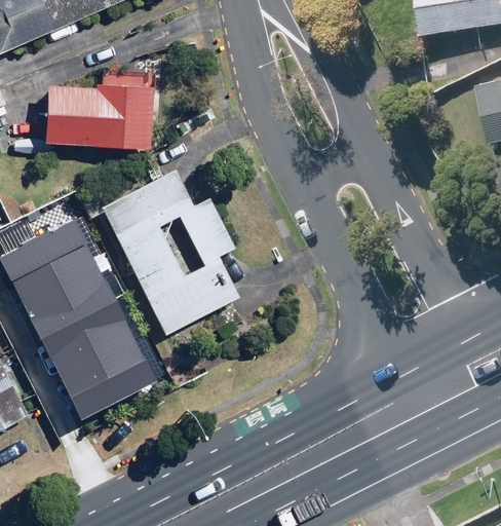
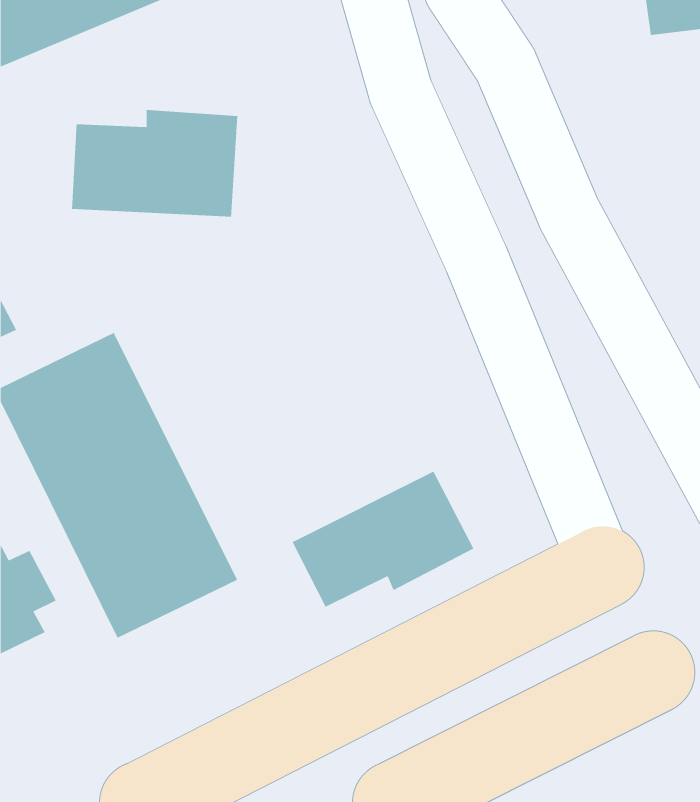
building: [102,166,240,333] -> none
building: none -> [291,471,474,608]

